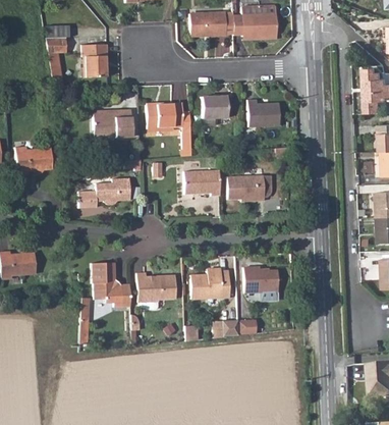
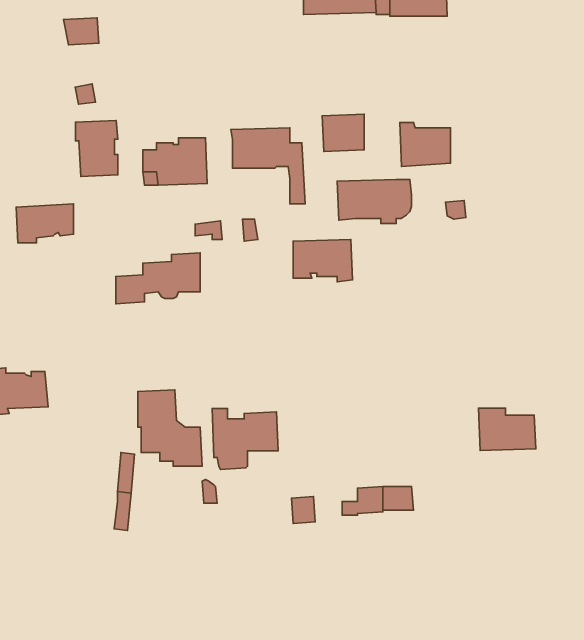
building: [82,44,108,77] -> [76,121,118,176]
building: [228,175,273,202] -> [337,180,411,224]
building: [244,267,279,293] -> [478,408,536,451]
building: [190,268,230,299] -> none

